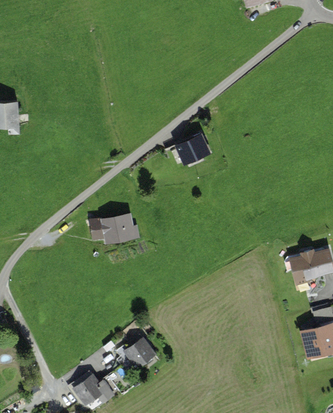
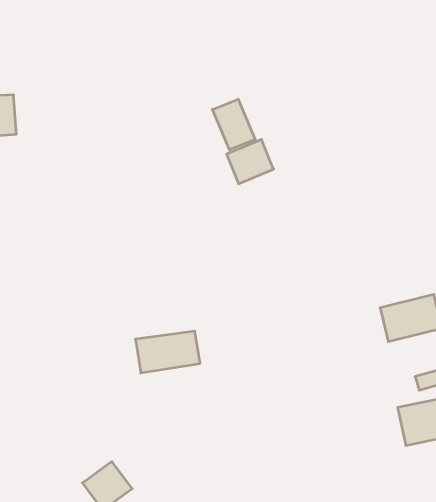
building: none -> [212,99,255,150]
building: [88,214,136,245] -> [135,331,200,373]
building: [124,336,158,370] -> none

